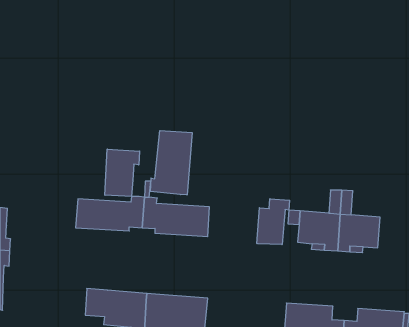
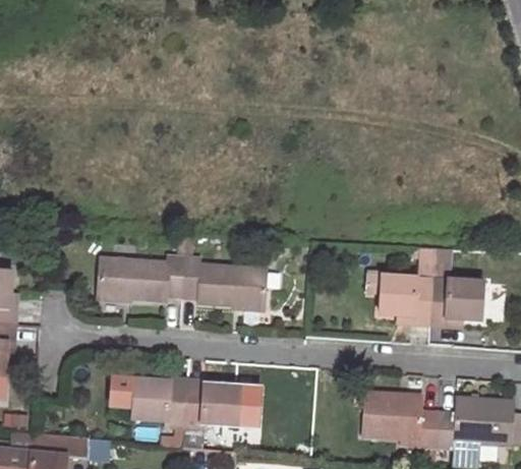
building: [151,131,192,195] -> none
building: [105,149,140,196] -> none
building: [257,199,290,245] -> none

